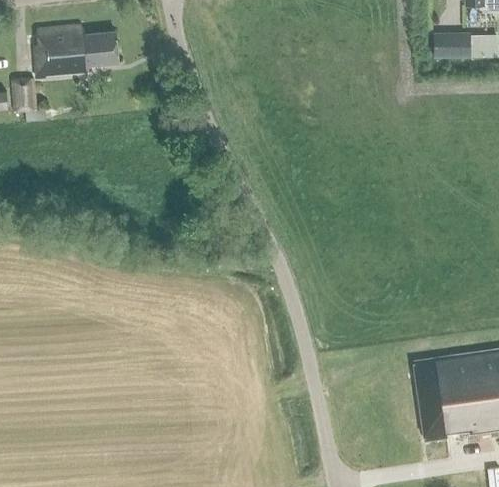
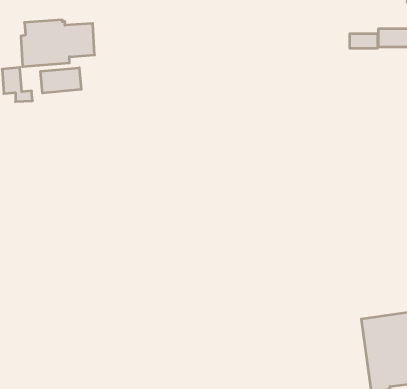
building: none -> [350,34,377,48]
building: none -> [41,68,81,93]

